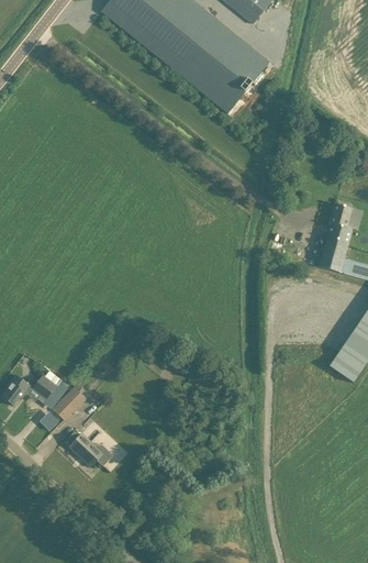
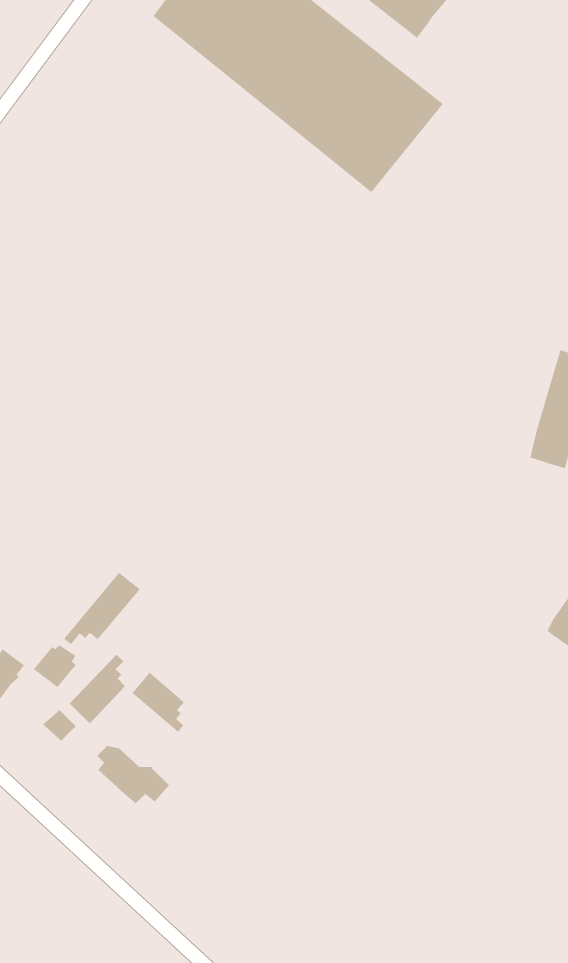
building: none -> [63,572,141,645]
building: none -> [132,671,185,733]

